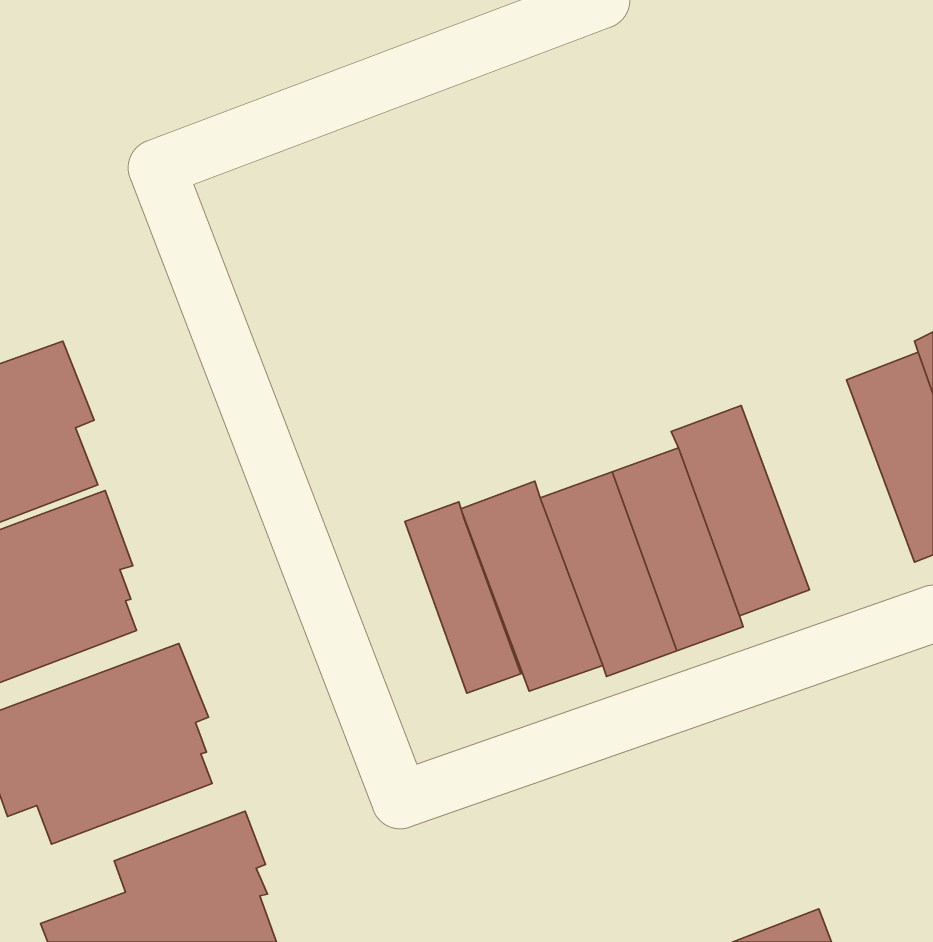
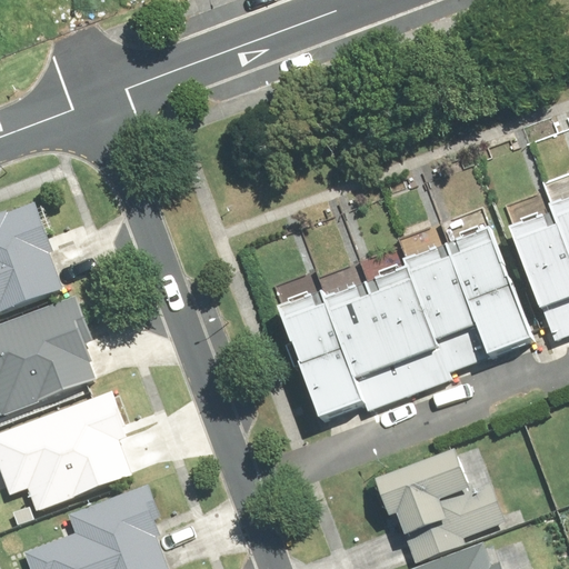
building: none -> [447,228,533,356]
building: [405,502,521,693] -> none
building: none -> [378,447,506,563]

